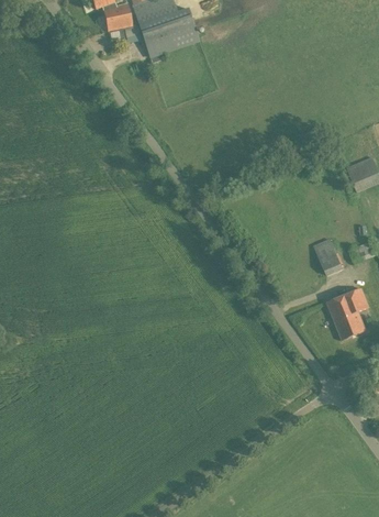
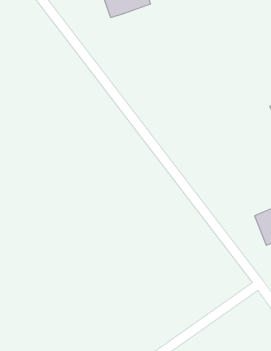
building: [312,236,342,274] -> none

